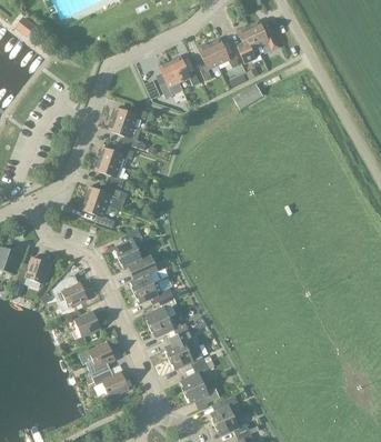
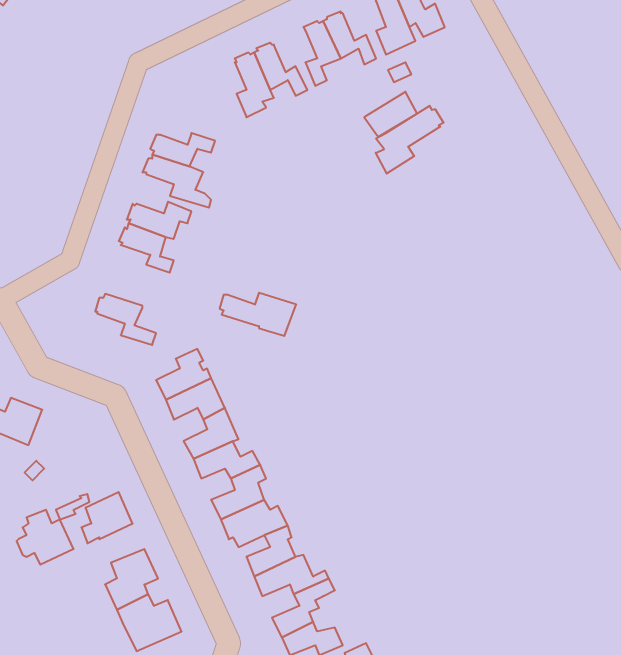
building: none -> [376,106,444,174]
building: [83,187,127,211] -> [220,293,296,336]
building: [54,277,87,308] -> [17,510,74,565]

